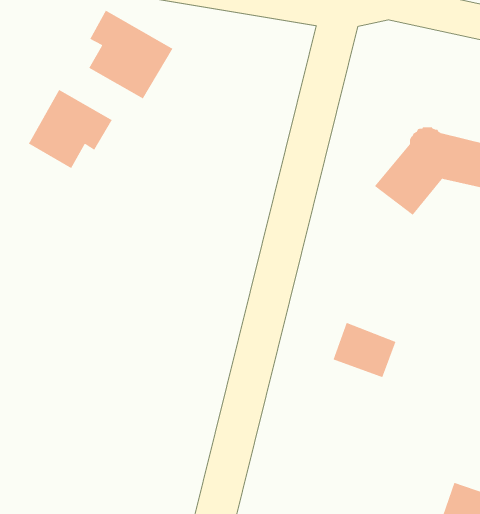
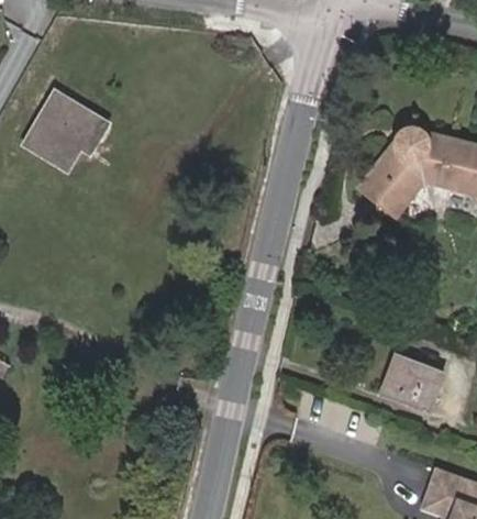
building: [88,9,173,100] -> none
building: [332,322,397,378] -> [380,355,442,409]

